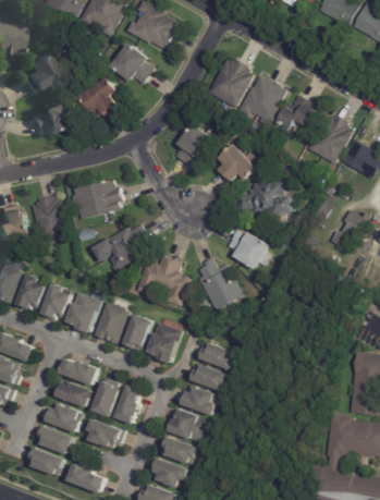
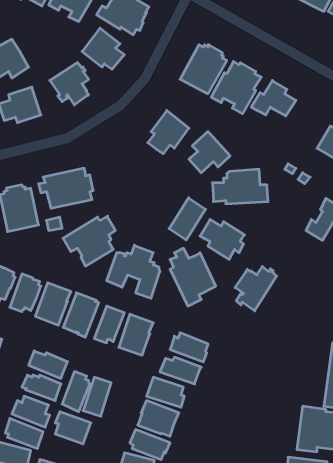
building: [307,115,353,164] -> none
building: none -> [169,198,206,240]
building: none -> [235,266,277,311]

